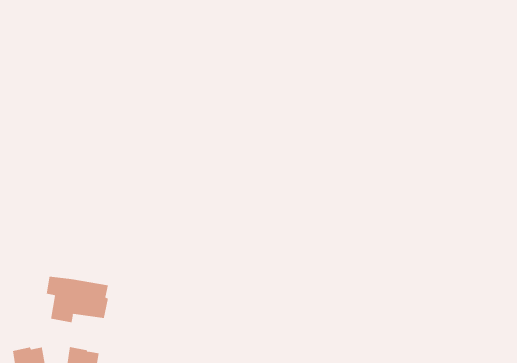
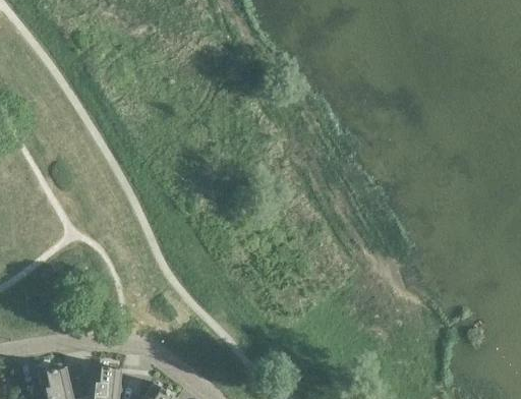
building: [46,276,108,323] -> none

